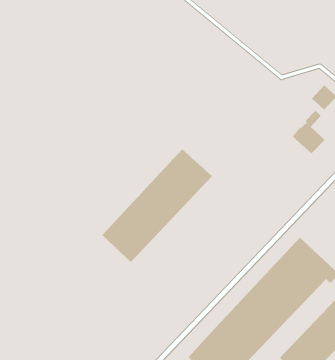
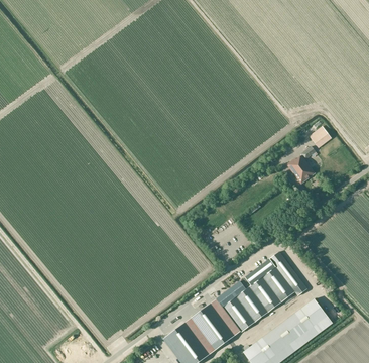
building: [101,148,213,263] -> none

